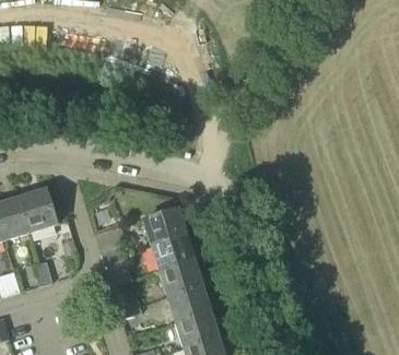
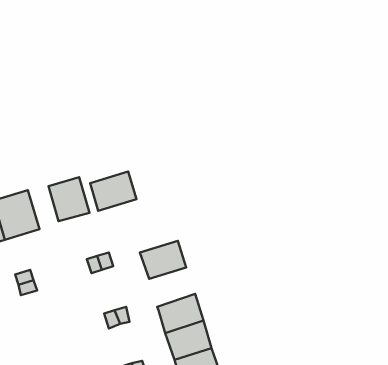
building: none -> [49,177,90,221]
building: [143,209,187,246] -> [90,172,136,211]
building: [160,260,203,297] -> none

